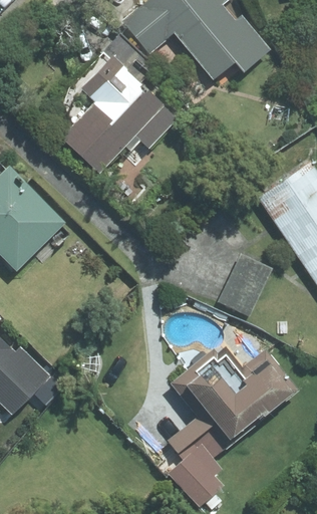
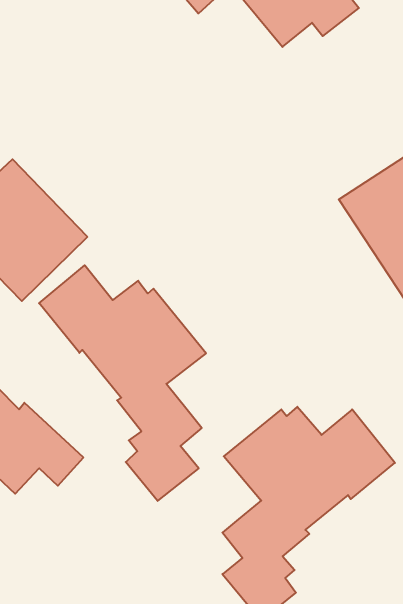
building: [62,54,180,173] -> none
building: none -> [39,265,206,501]
building: [218,253,273,317] -> none

